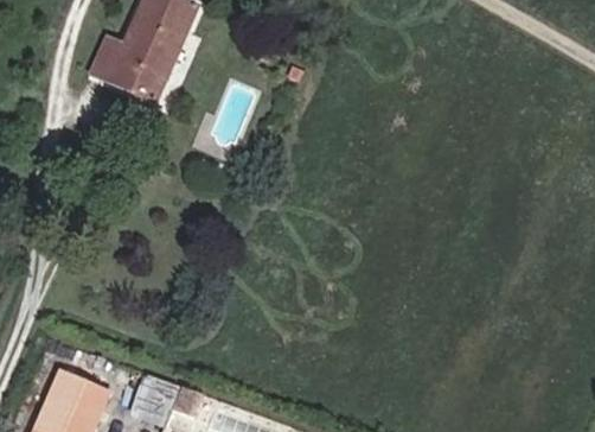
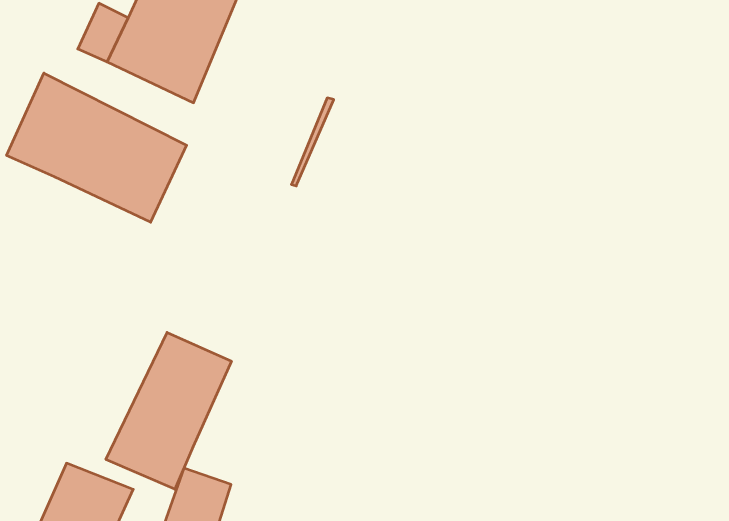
building: none -> [7,73,187,222]
building: none -> [106,332,231,489]

